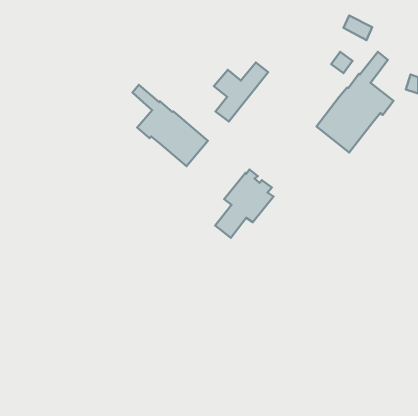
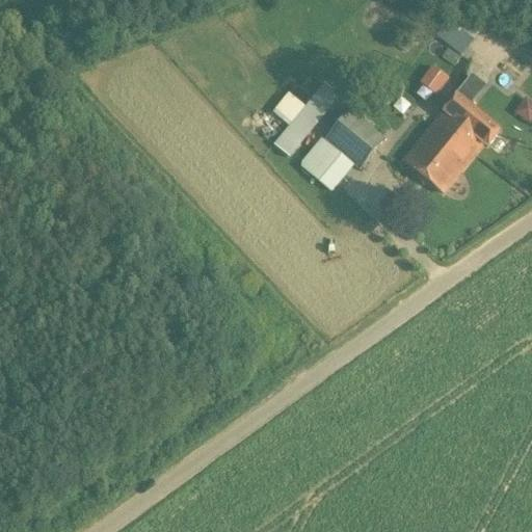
building: [132,85,208,166] -> none
building: [215,170,273,238] -> [311,102,384,188]

